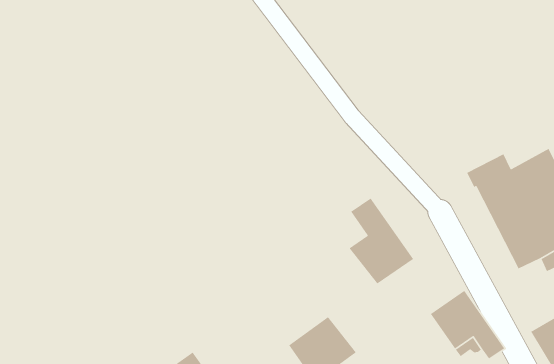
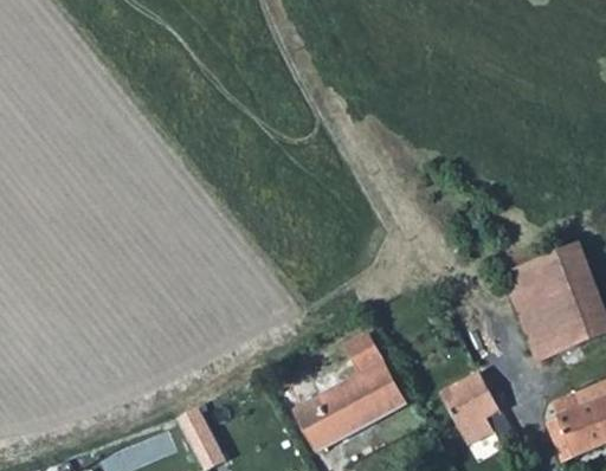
building: [348,198,414,285] -> [337,337,402,426]

